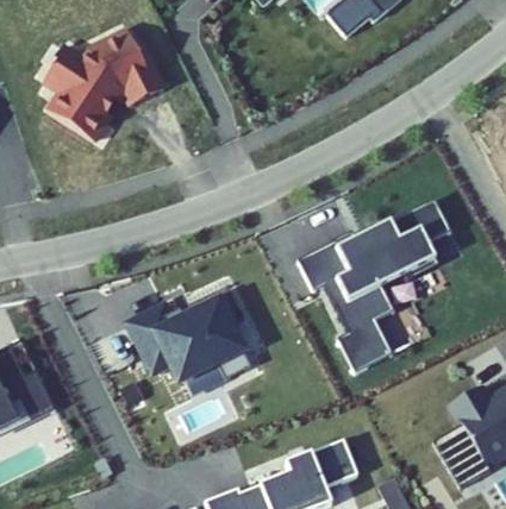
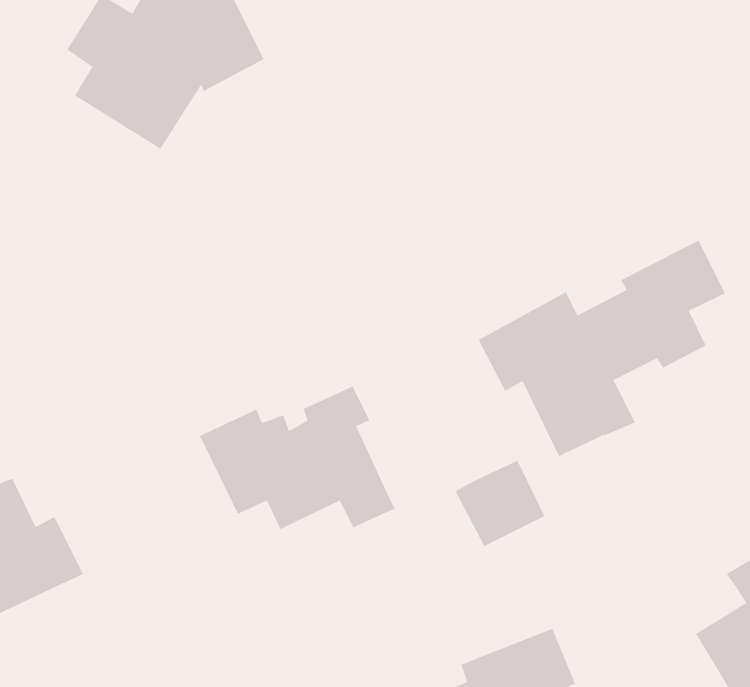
building: [337,320,393,373] -> [455,460,545,547]

